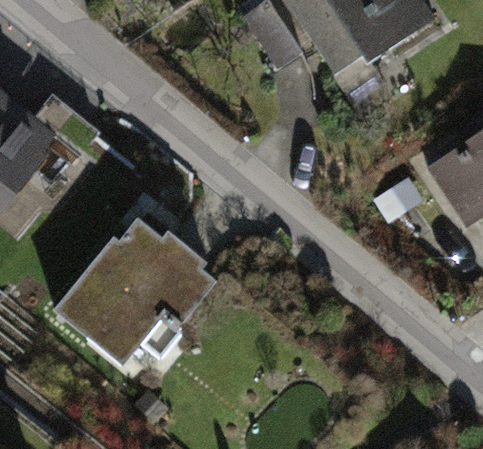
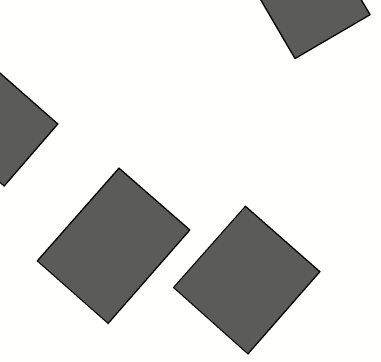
building: none -> [174,206,320,354]

